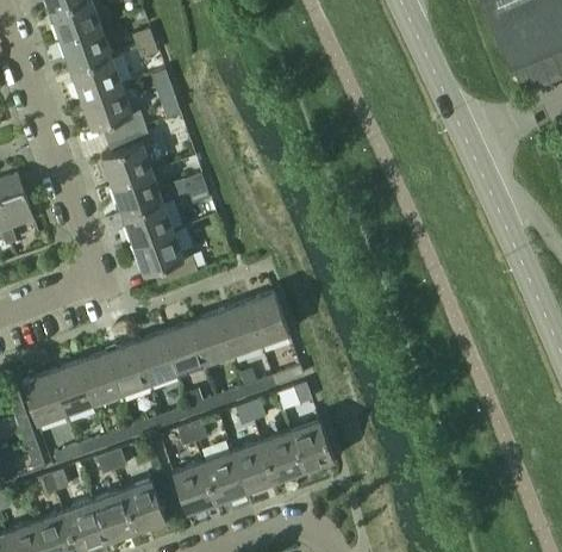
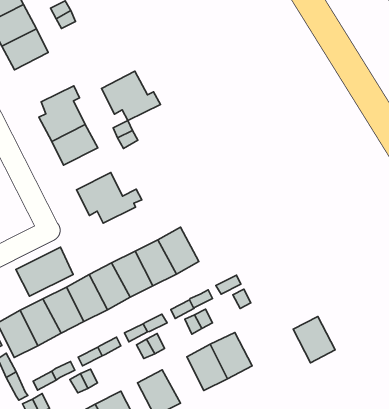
building: [81,85,145,139] -> [101,71,160,121]
building: [121,200,174,244] -> none
building: [244,293,288,345] -> none
building: none -> [16,247,73,296]
building: [289,420,333,471] -> [293,316,335,363]
building: [201,451,245,502] -> none

